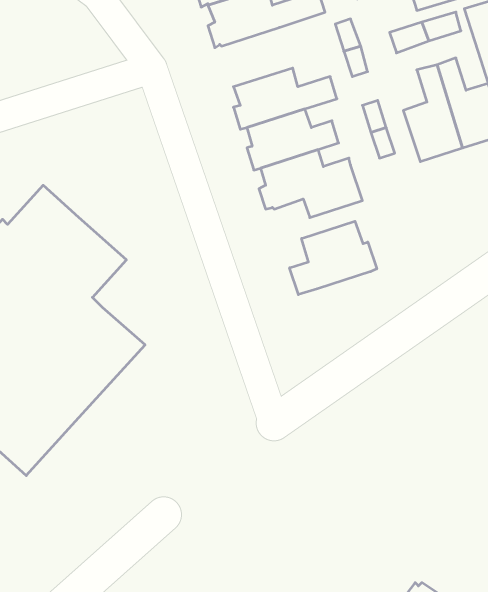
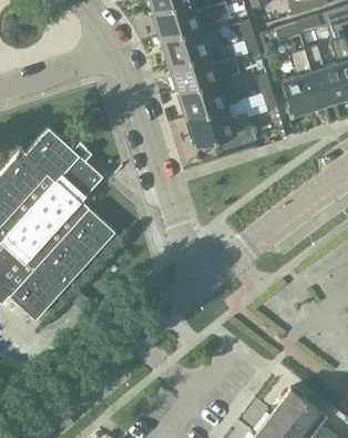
building: none -> [163,27,224,67]
building: [290,221,377,295] -> none

